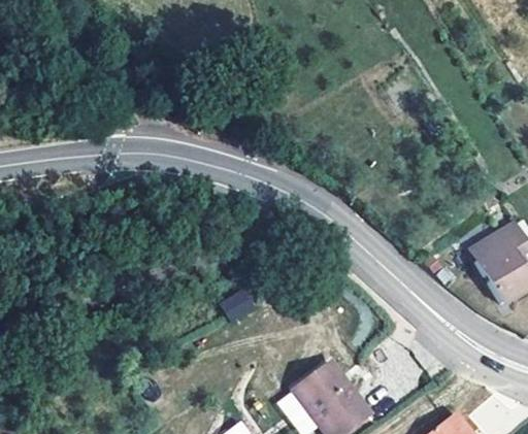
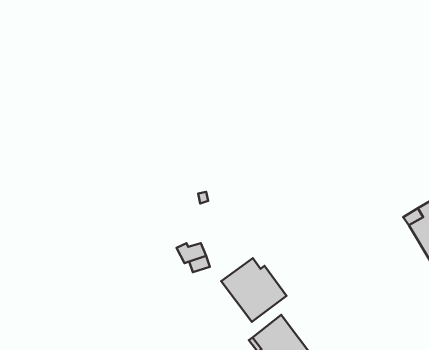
building: none -> [221,258,287,322]

